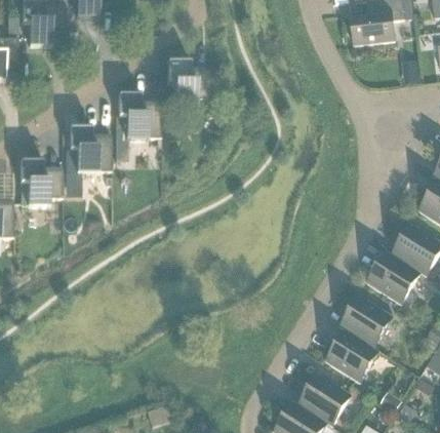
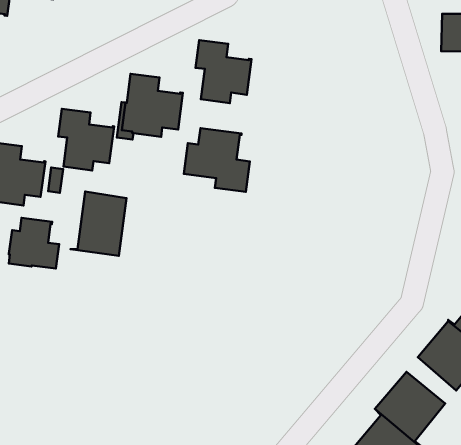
building: none -> [184,128,250,192]
building: none -> [71,192,127,256]
building: none -> [9,218,59,269]

